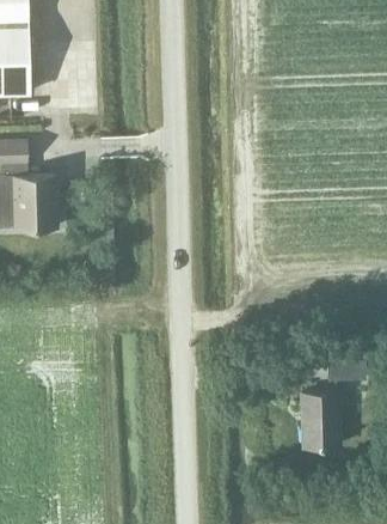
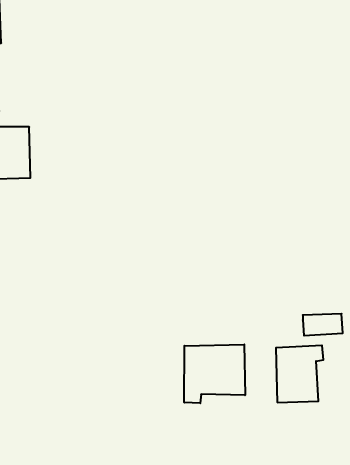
building: none -> [184,344,245,403]

